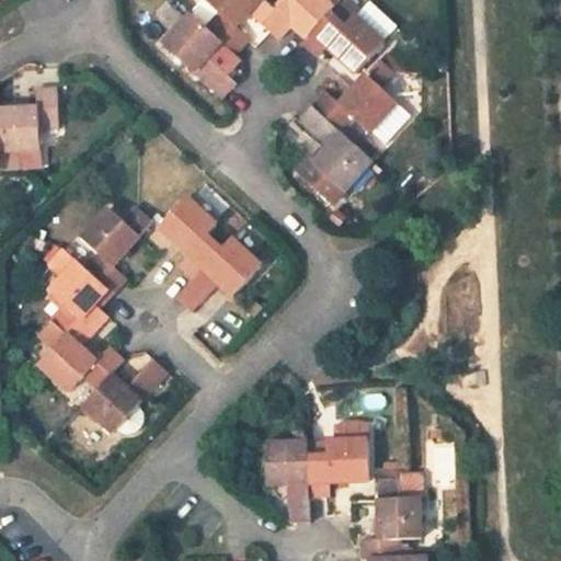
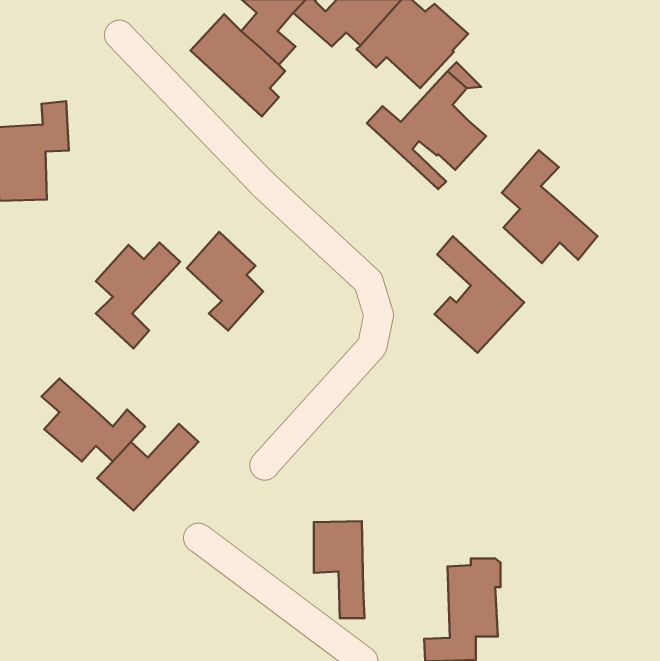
building: [295,104,370,203] -> [435,236,524,353]
building: none -> [502,150,597,263]
building: [175,238,261,311] -> none
building: [47,248,113,347] -> none
building: [306,421,368,497] -> none

